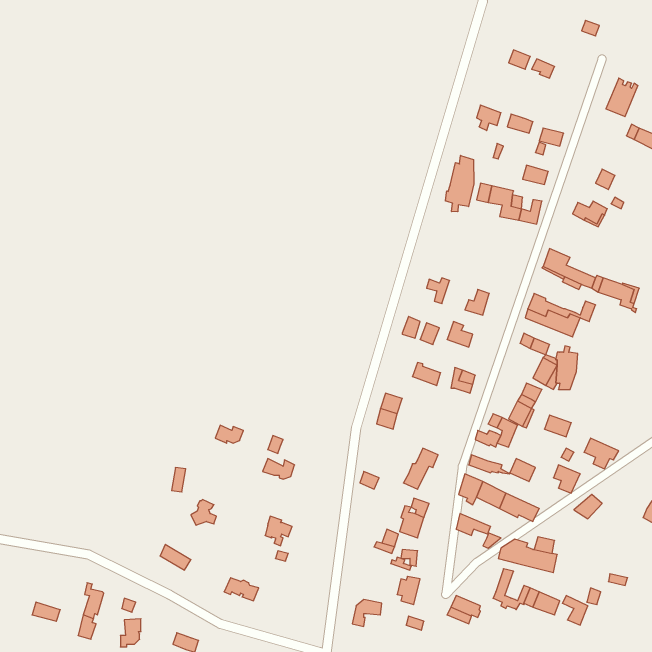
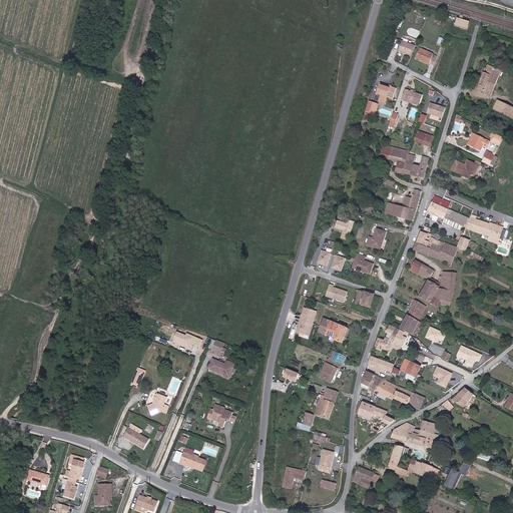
building: [445,155,474,212] -> none
building: none -> [383,187,419,218]
building: none -> [318,318,347,343]

